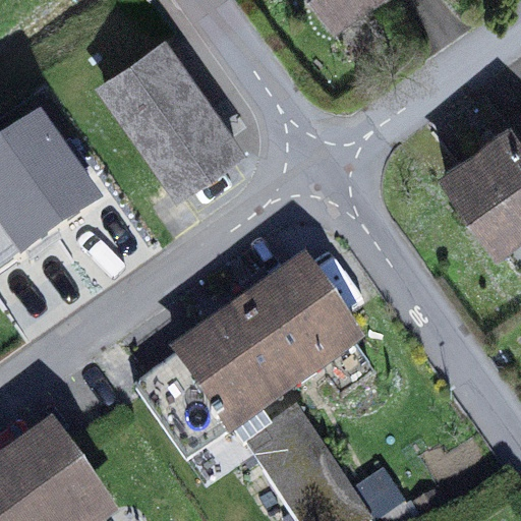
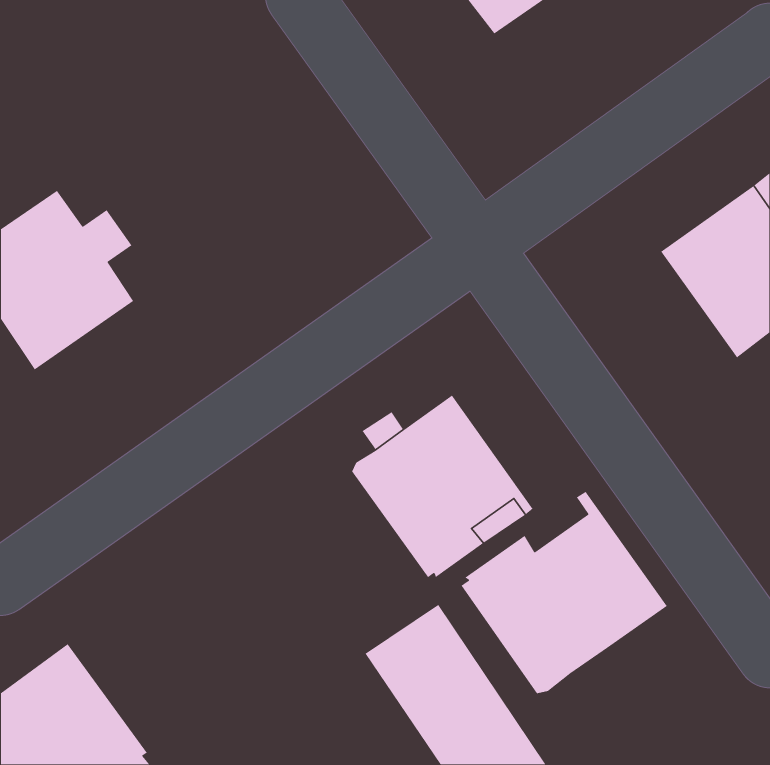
building: [105,42,236,187] -> none
building: [136,319,289,462] -> none
building: none -> [460,491,668,694]

